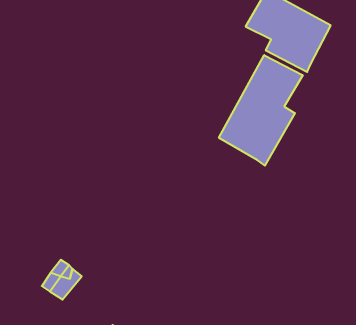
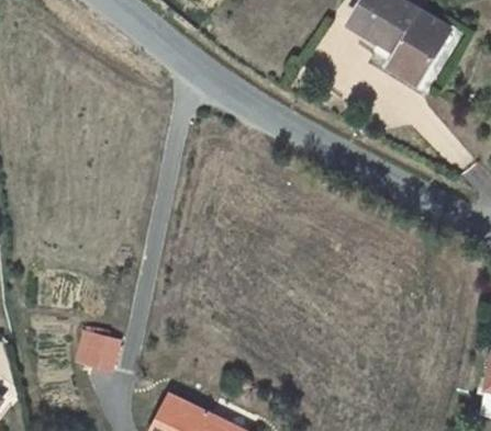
building: [219,55,303,166] -> none

